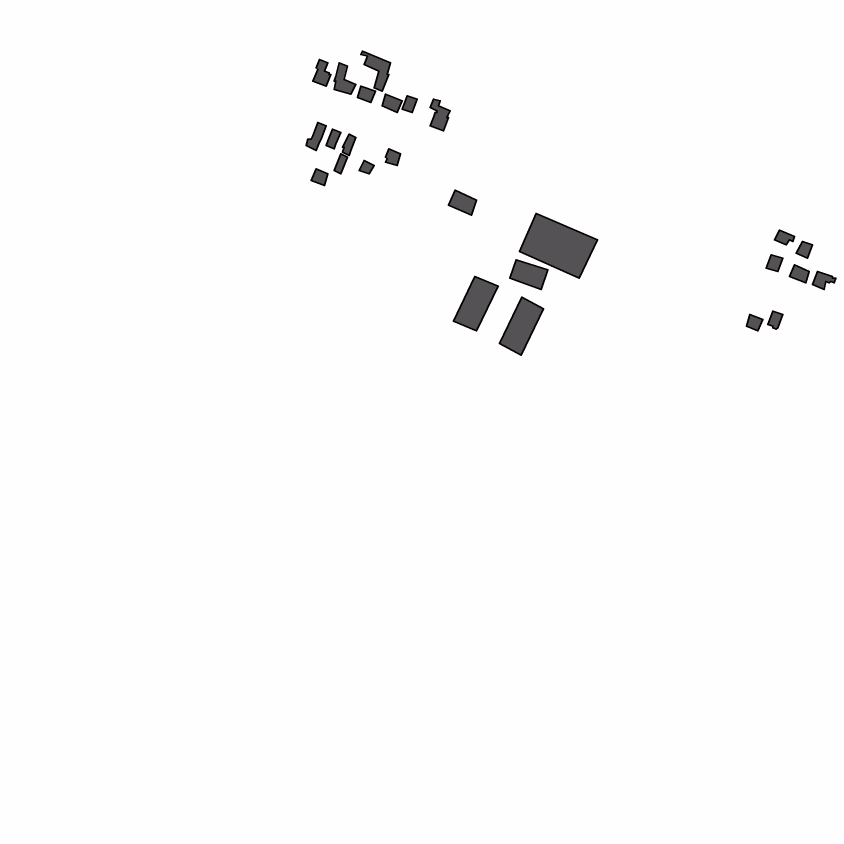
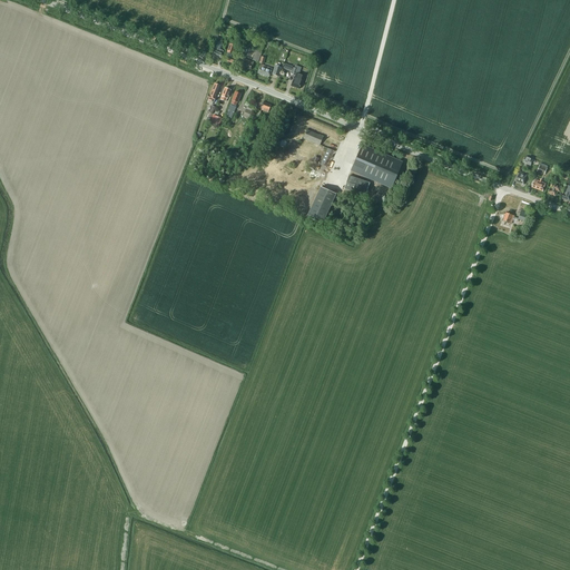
building: [499,297,543,355] -> none

